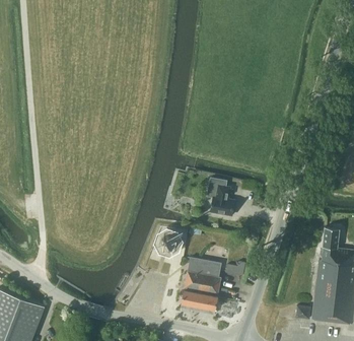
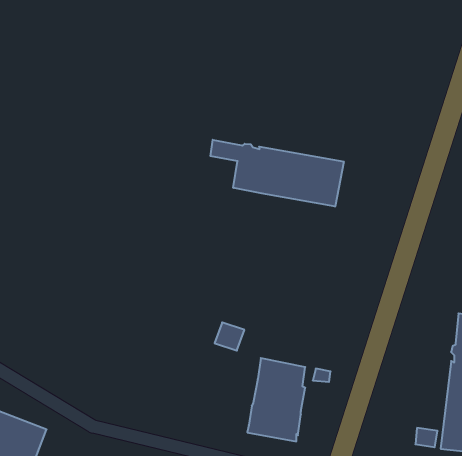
building: none -> [210,140,344,207]
building: [209,178,235,215] -> none

